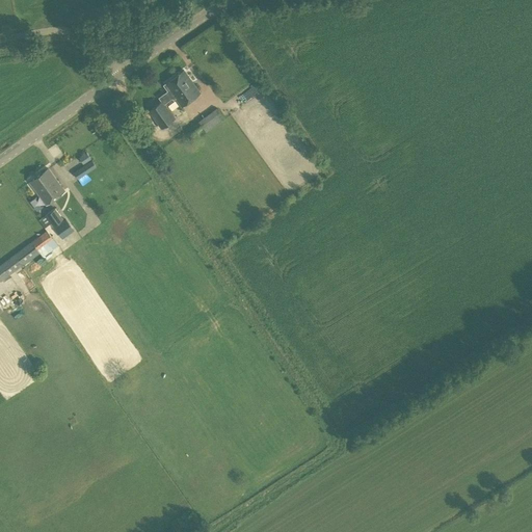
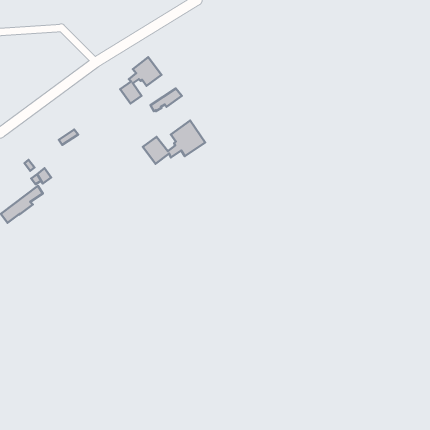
building: none -> [143,120,205,164]
building: [30,169,64,205] -> none

